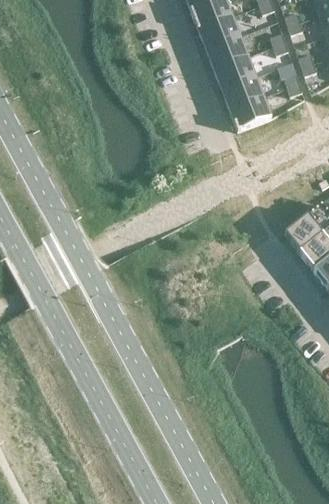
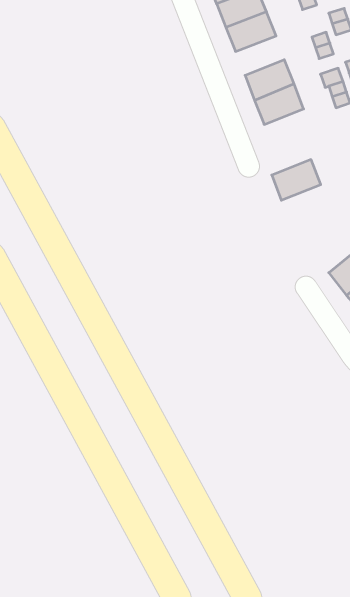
building: [205,34,246,67] -> none
building: [229,95,270,129] -> [272,160,321,200]

